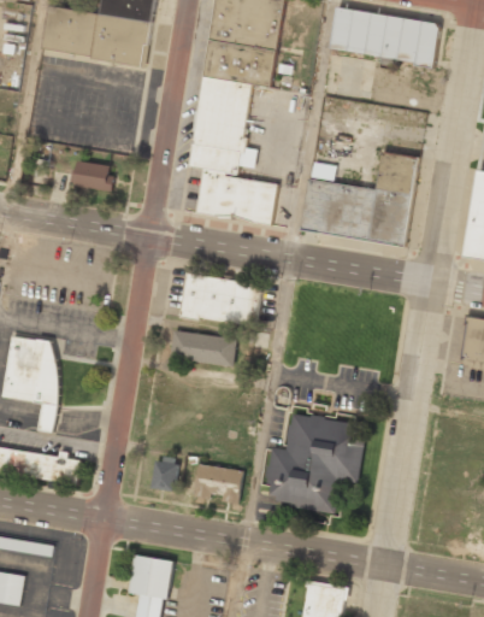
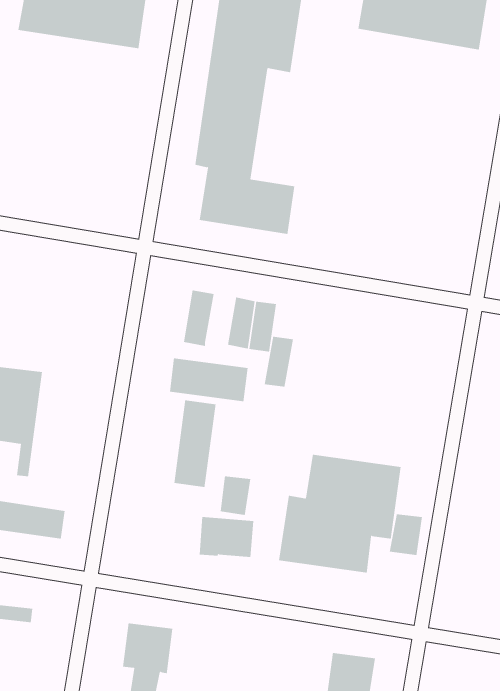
building: [299,153,419,247] -> none
building: [73,161,112,190] -> none
building: [200,276,225,319] -> [264,336,294,387]
building: none -> [174,400,216,488]
building: [150,458,177,492] -> [220,476,251,516]
building: none -> [389,513,423,556]

